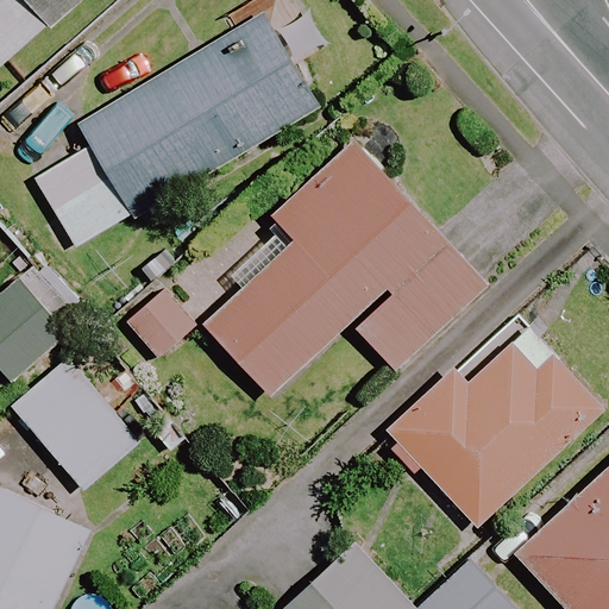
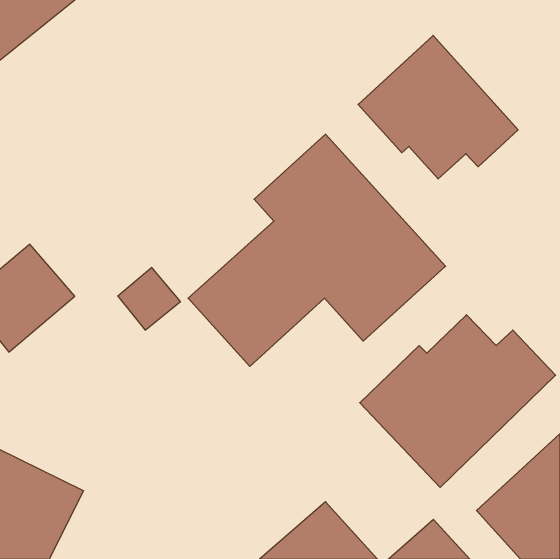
building: [32,13,318,250] -> none
building: none -> [358,35,518,179]
building: [11,357,139,489] -> none

